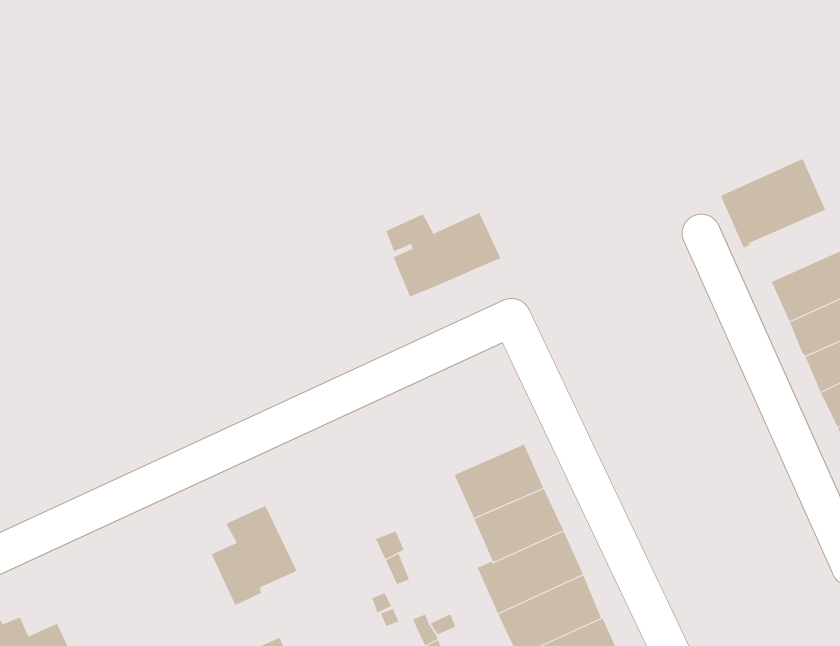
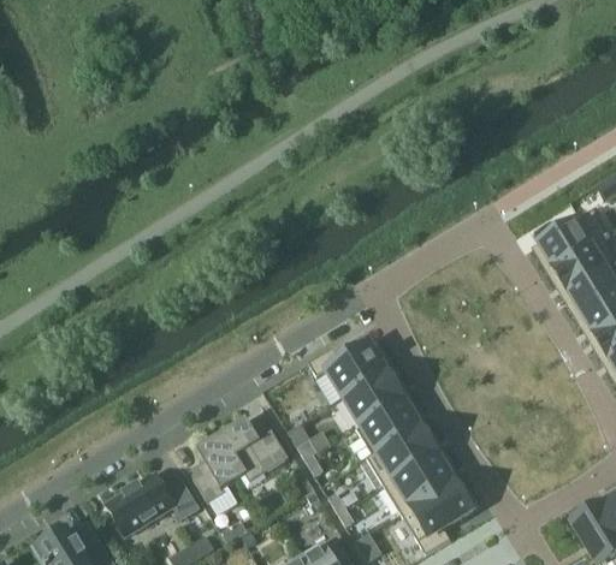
building: [720,158,826,249] -> none
building: [385,212,501,297] -> [308,340,387,403]
building: none -> [220,416,289,481]
building: none -> [106,471,199,534]

